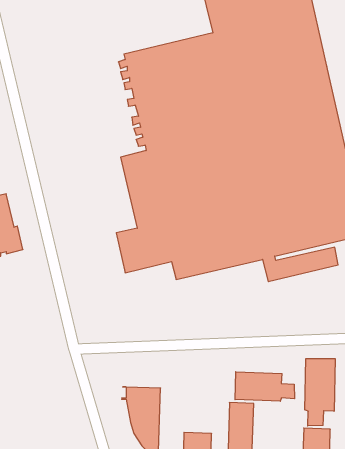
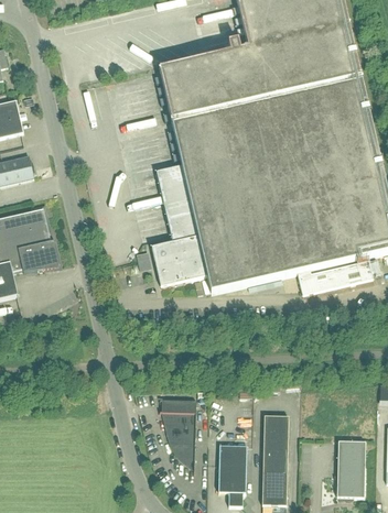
building: [305,359,335,426] -> none
building: [235,372,294,401] -> none

